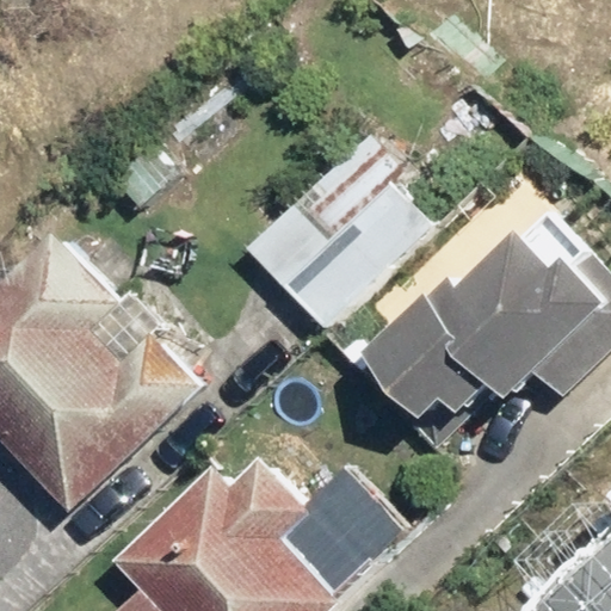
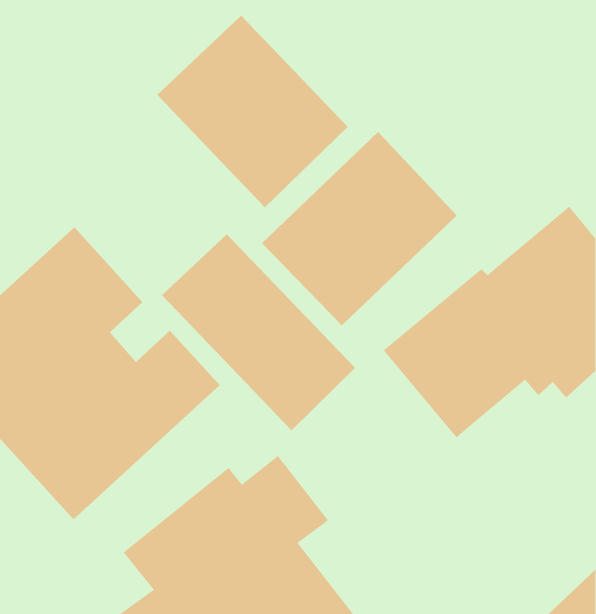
building: none -> [156,15,348,208]
building: none -> [161,233,356,431]

